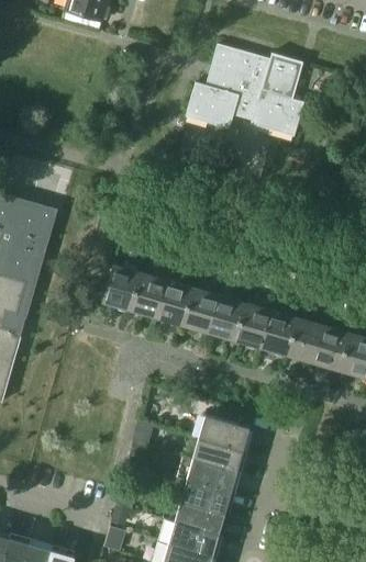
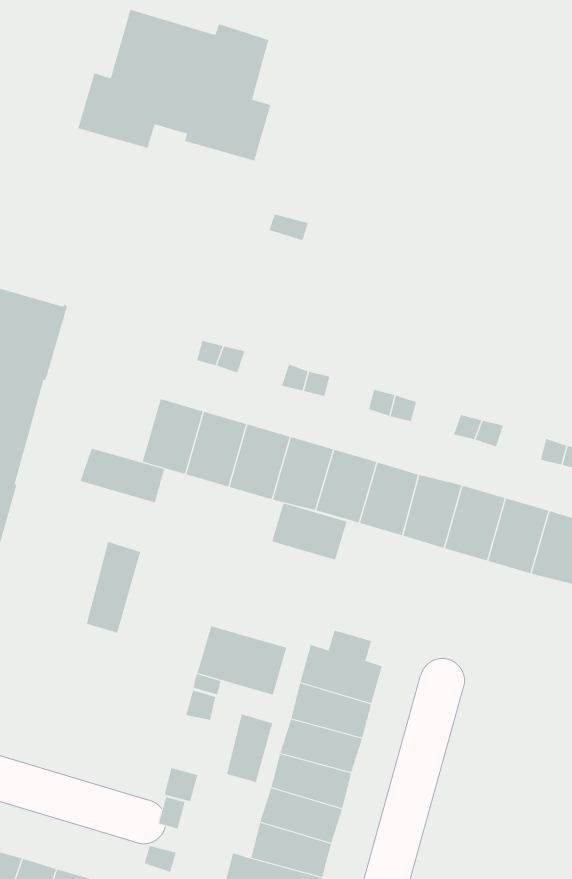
building: [186,44,303,136] -> [77,9,271,161]
building: none -> [80,448,165,503]
building: none -> [271,502,347,560]
building: none -> [86,541,141,634]
building: none -> [197,625,287,695]
building: none -> [226,714,273,783]

